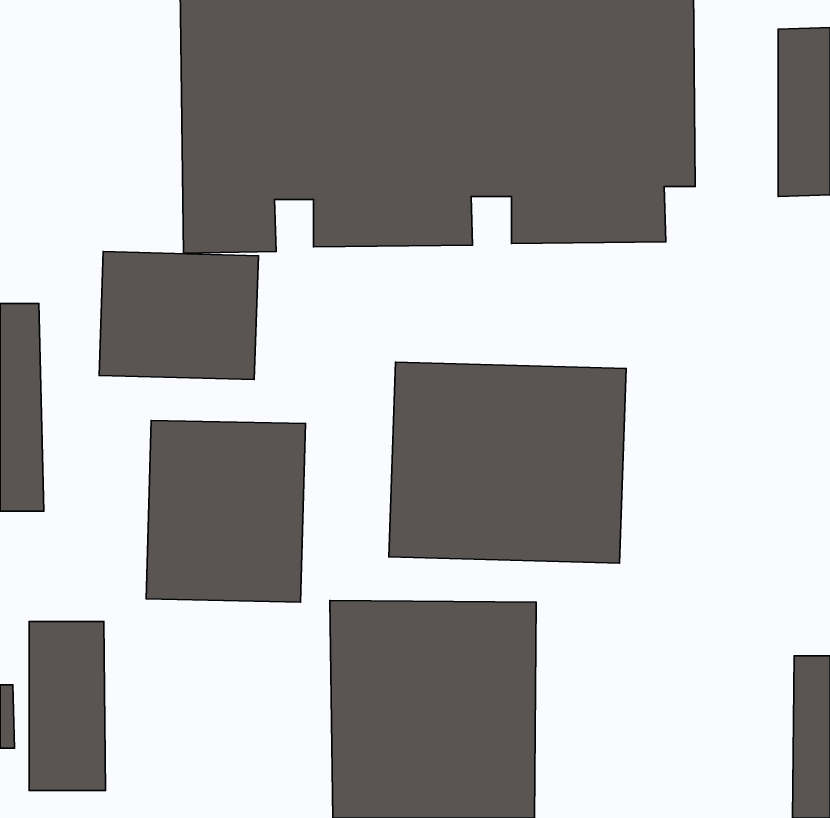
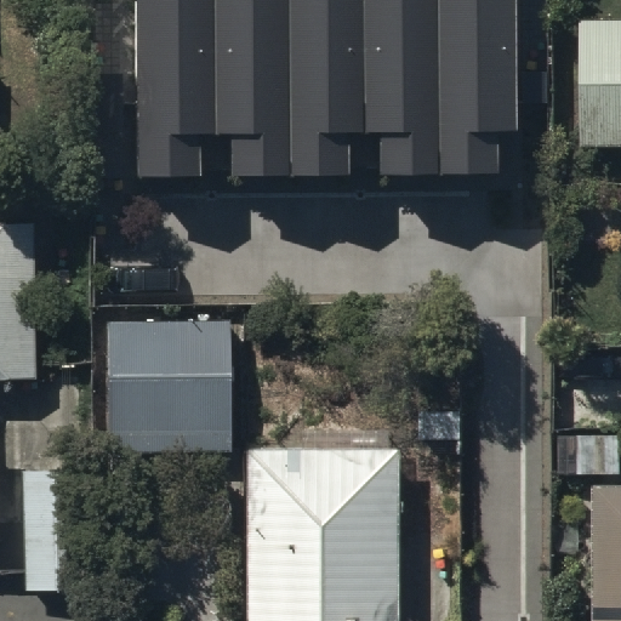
building: [99,251,259,380] -> none
building: [389,362,626,563] -> none

